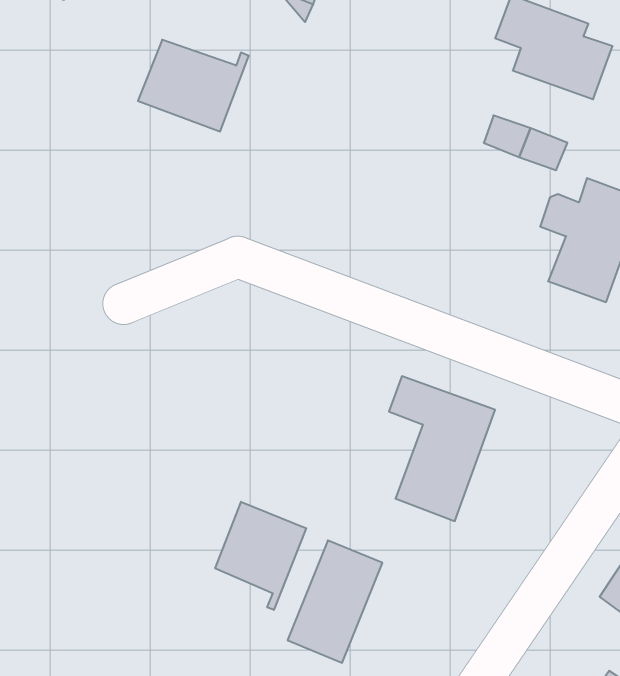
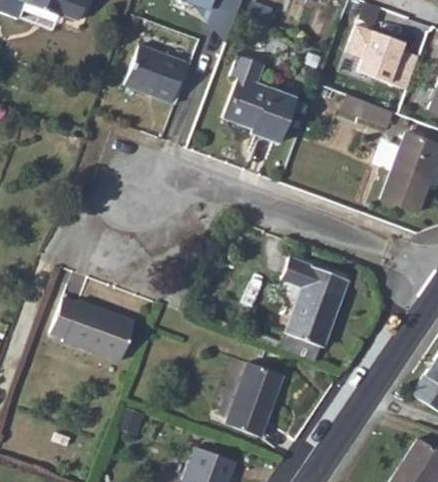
building: none -> [229,57,299,143]
building: none -> [46,297,131,360]
building: [215,502,306,610] -> none

